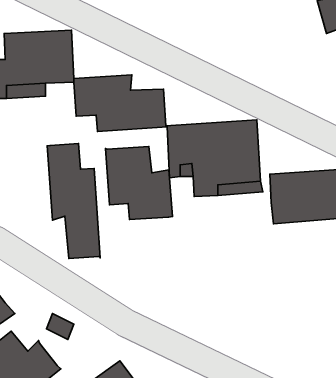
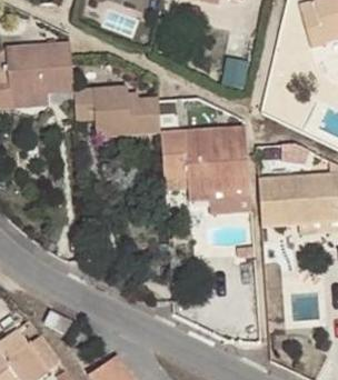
building: [47,143,100,259] -> none
building: [106,146,173,220] -> none

